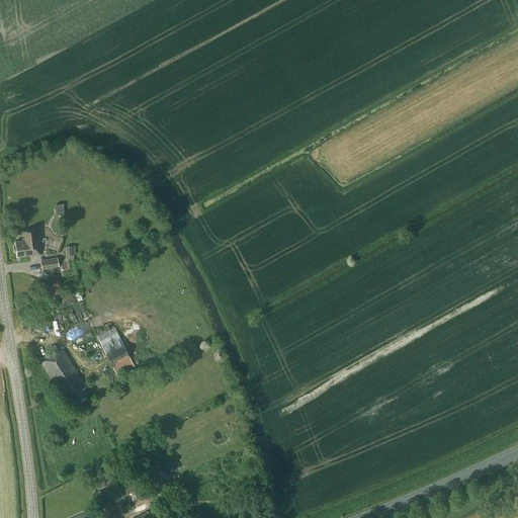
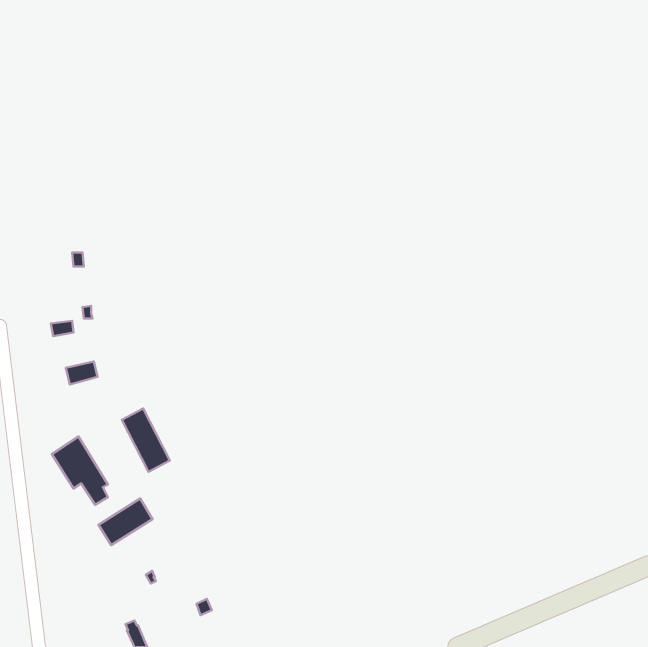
building: [15,228,40,255] -> none
building: none -> [99,499,153,545]

